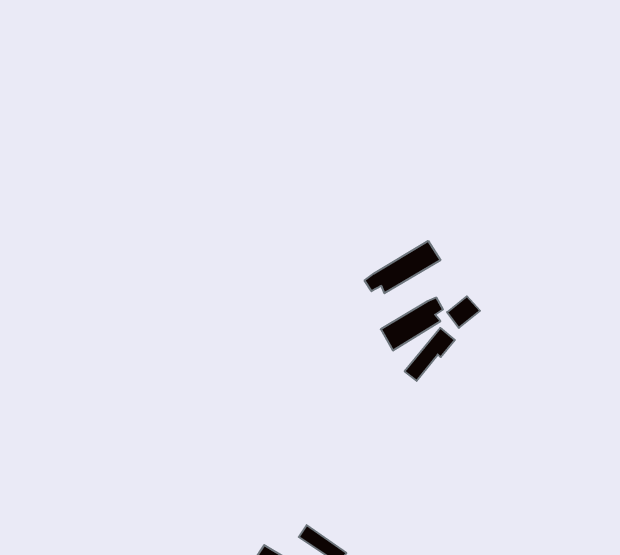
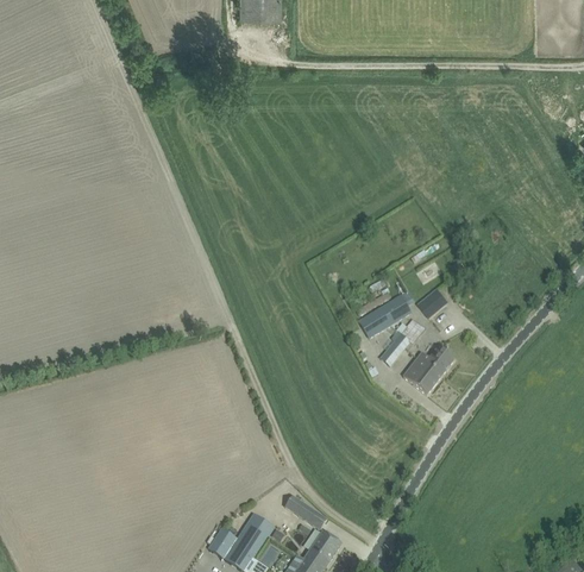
building: [365,241,440,293] -> none
building: none -> [403,346,454,395]

